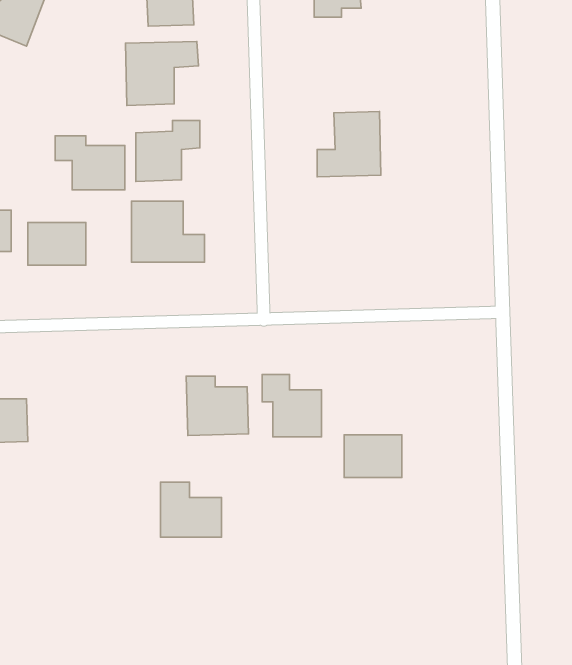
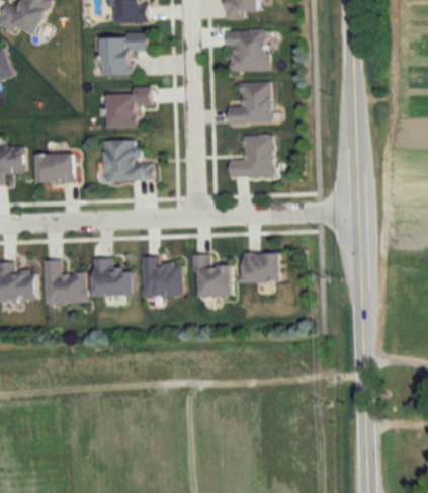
building: none -> [226,28,267,71]
building: [55,136,125,190] -> none
building: none -> [228,134,272,176]
building: none -> [44,260,85,303]
building: [344,435,402,477] -> [242,253,280,281]
building: [161,482,221,537] -> [92,258,133,295]

